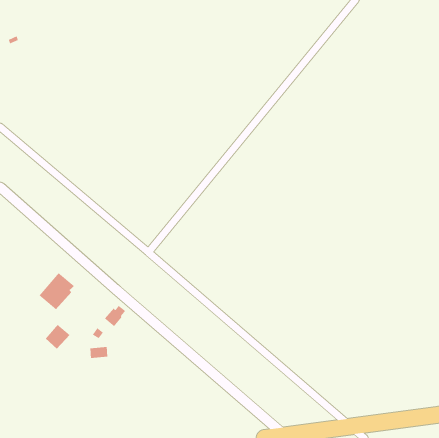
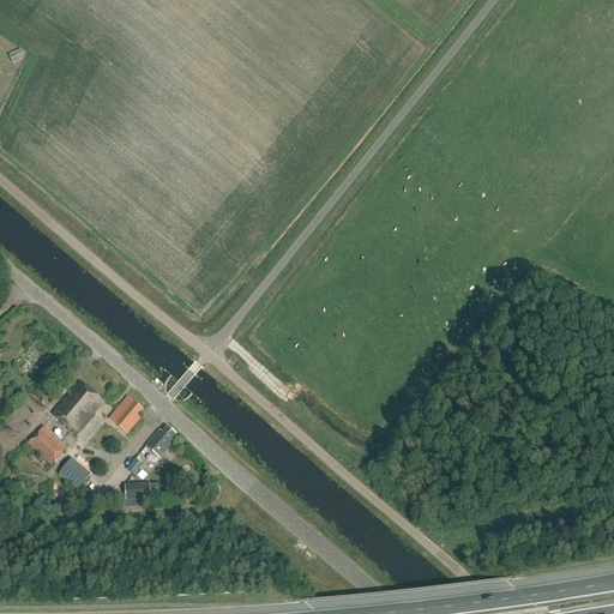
building: none -> [109,395,144,433]
building: none -> [28,426,67,464]

